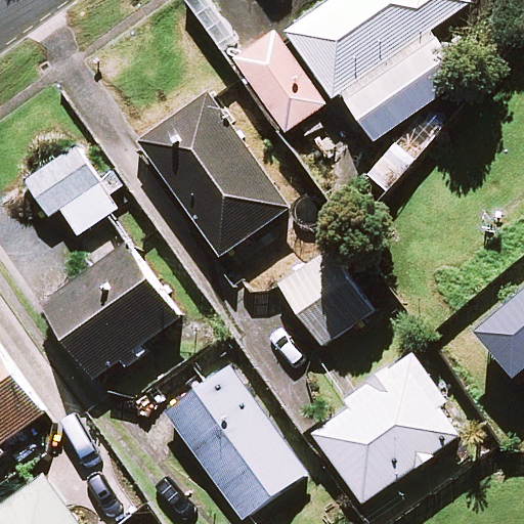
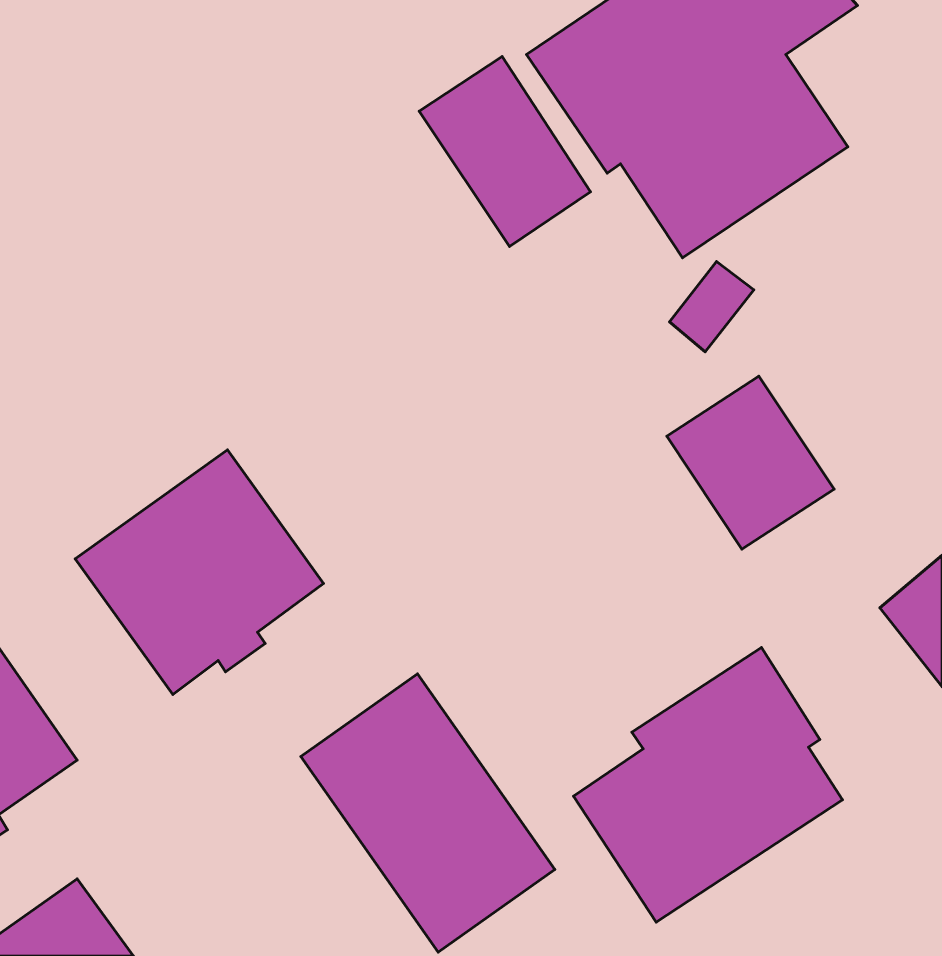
building: [136,92,288,256] -> none
building: [23,146,120,233] -> none
building: [276,249,367,343] -> [667,376,834,549]

